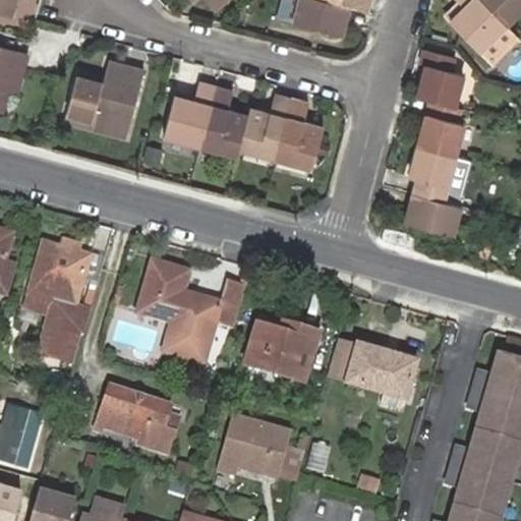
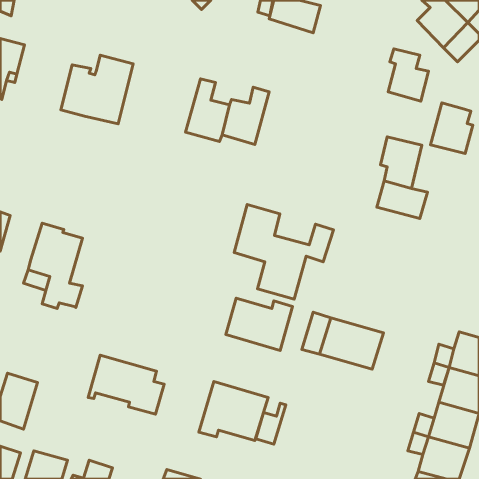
building: [165,81,218,143] -> none
building: [277,100,324,166] -> none
building: [420,103,466,158] -> [431,103,473,153]
building: [139,258,247,361] -> [234,205,333,299]
building: [40,329,80,362] -> none

